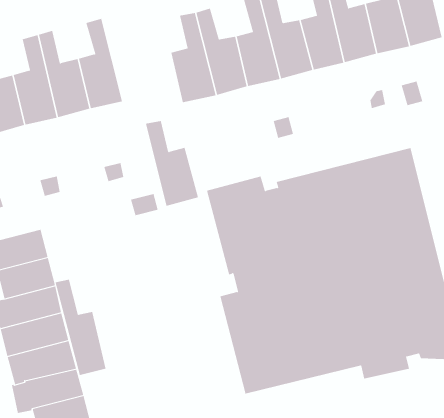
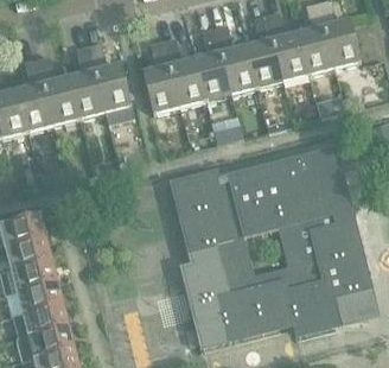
building: [145,120,199,207] -> [87,43,129,112]
building: [55,279,106,376] -> none

